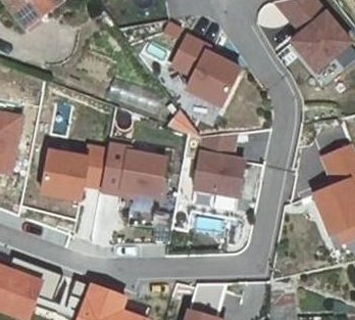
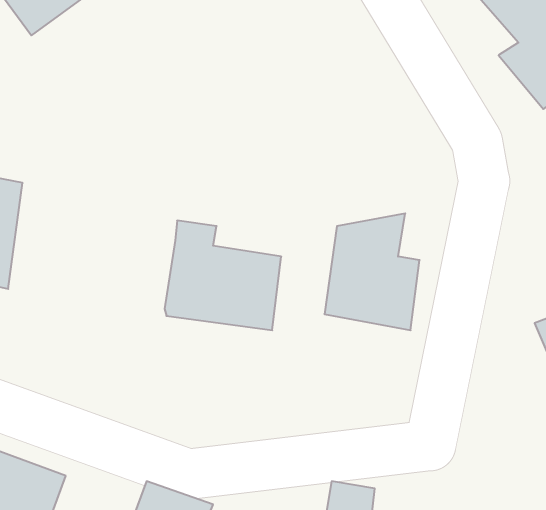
building: [170,32,243,106] -> none
building: [41,143,107,196] -> none

